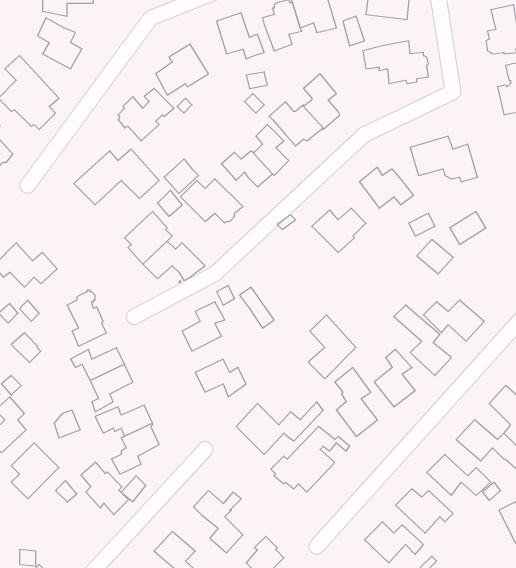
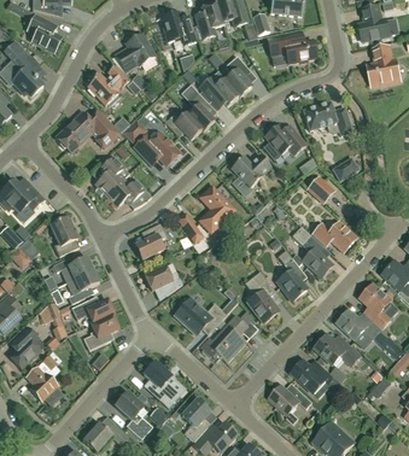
building: [308,315,356,379] -> [199,186,234,233]
building: [81,462,129,515] -> [27,367,62,405]

